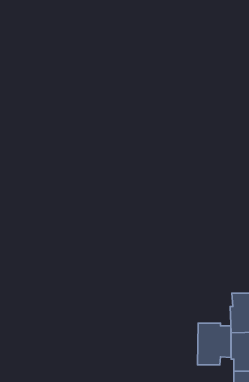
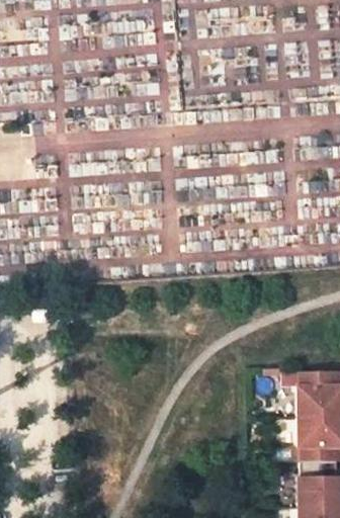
building: [197,323,231,365] -> none

